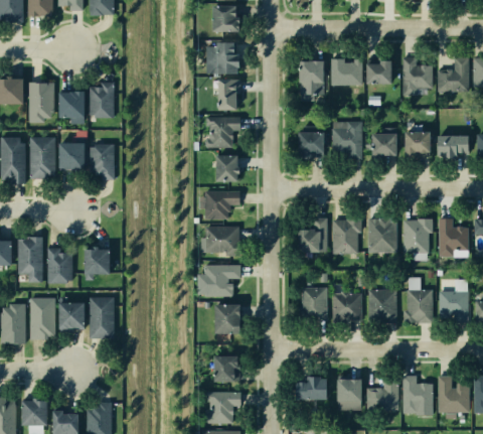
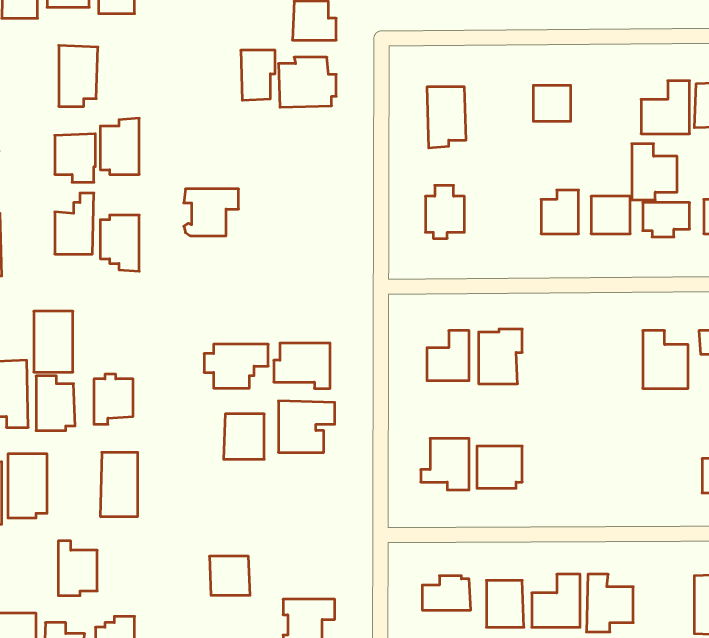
building: [331,57,362,85] -> none
building: [403,57,432,94] -> [632,144,677,200]
building: [218,79,240,111] -> [241,50,275,100]
building: [29,83,54,122] -> [59,45,98,106]
building: [205,117,240,147] -> [184,189,239,236]
building: [333,122,362,159] -> none
building: [30,137,55,176] -> [34,311,73,372]
building: [217,156,239,181] -> none
building: [199,191,240,220] -> [204,344,268,388]
building: [369,219,396,253] -> none
building: [403,220,433,253] -> none
building: [368,290,397,323] -> none
building: [404,290,433,321] -> none
building: [439,291,469,321] -> none
building: [60,297,86,332] -> [58,541,97,596]
building: [215,304,242,333] -> [224,414,264,459]
building: [214,356,240,382] -> [209,556,250,595]
building: [438,376,469,412] -> none

